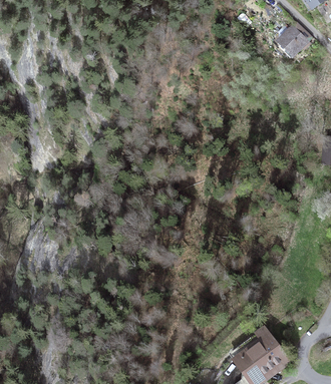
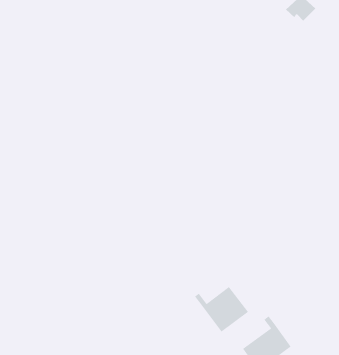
building: none -> [194,286,249,332]

